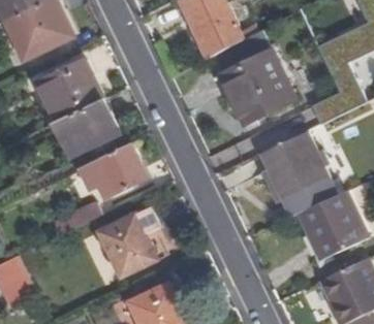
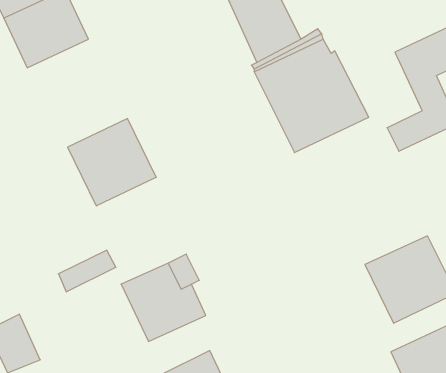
building: [37,59,104,122] -> none
building: [258,131,328,200] -> none
building: [80,143,147,196] -> none

